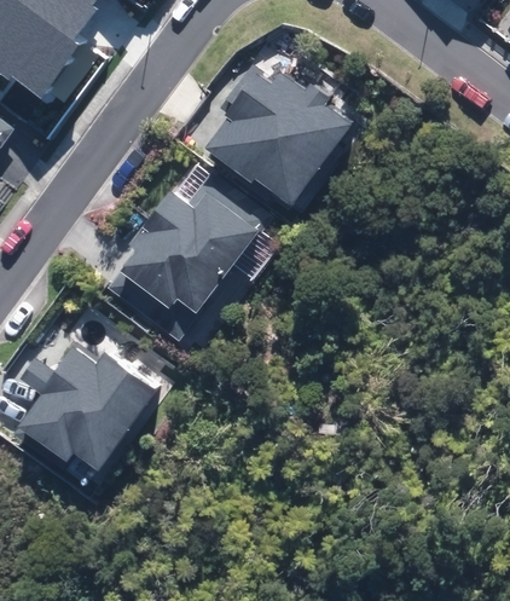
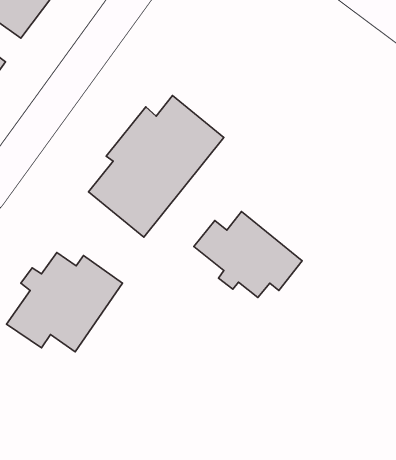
building: [213,71,349,197] -> none
building: none -> [194,211,302,298]

